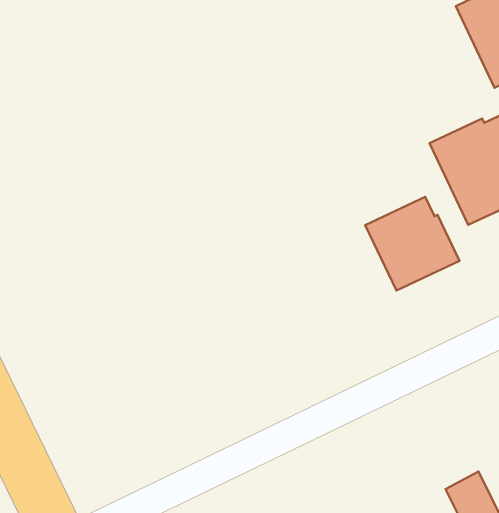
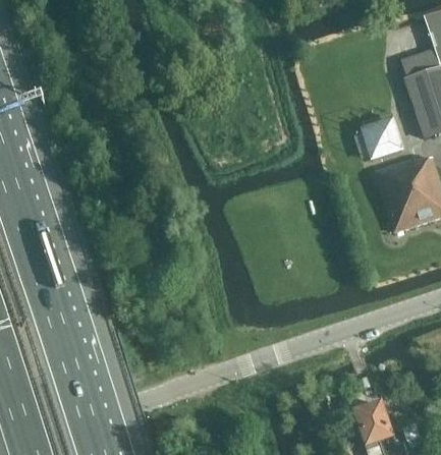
building: none -> [361,119,397,159]
building: [365,197,460,291] -> none

